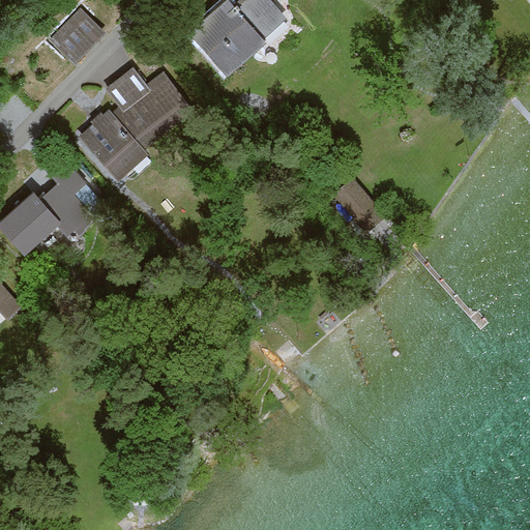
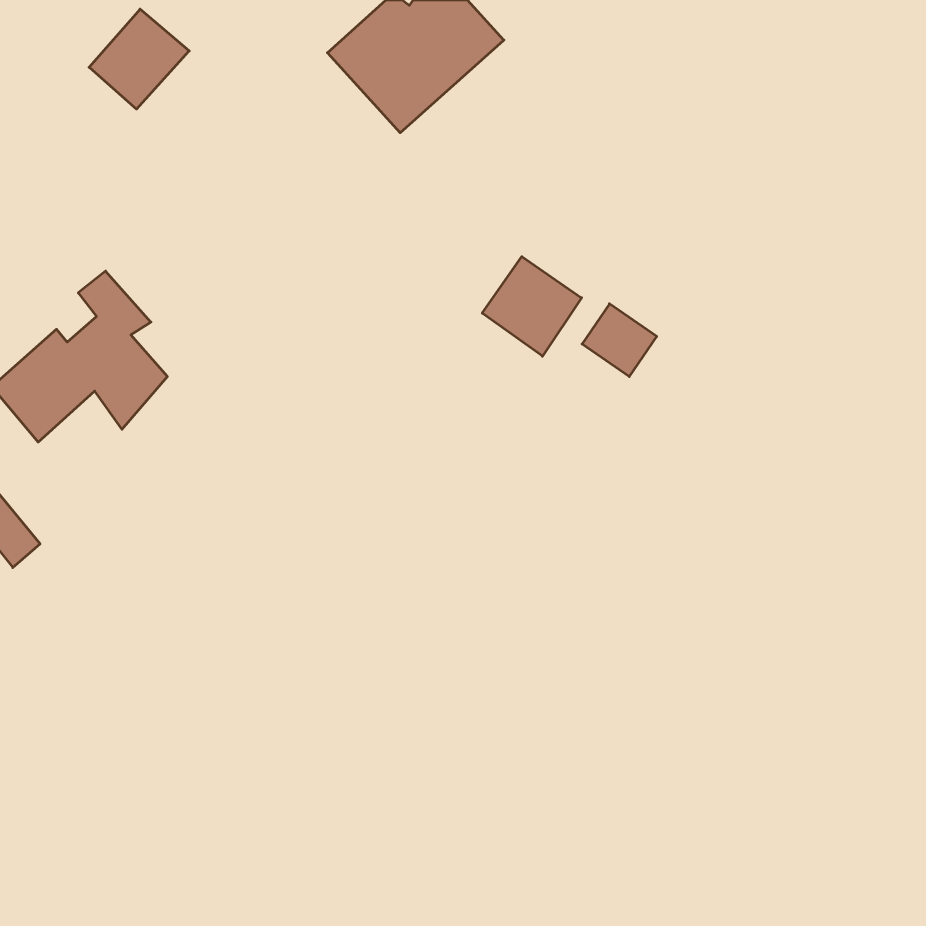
building: [77,66,188,181] -> none
building: none -> [482,257,582,356]

